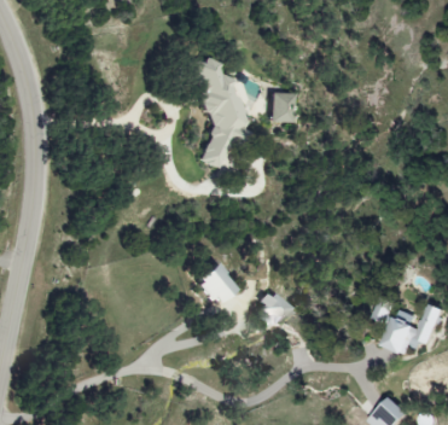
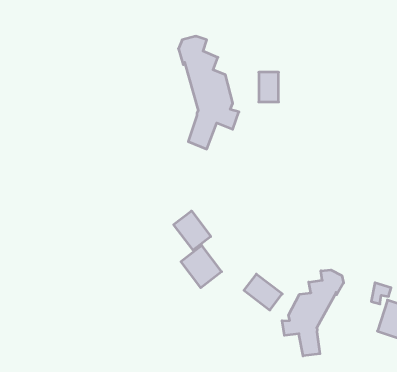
building: none -> [174,211,211,250]
building: none -> [282,270,344,356]

